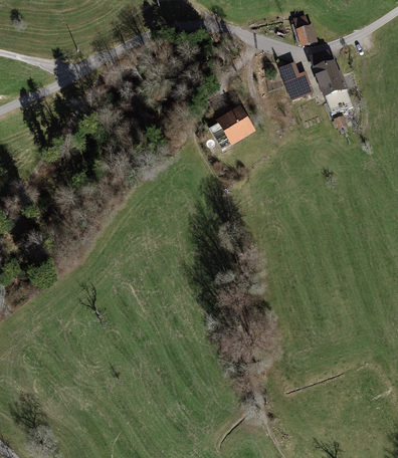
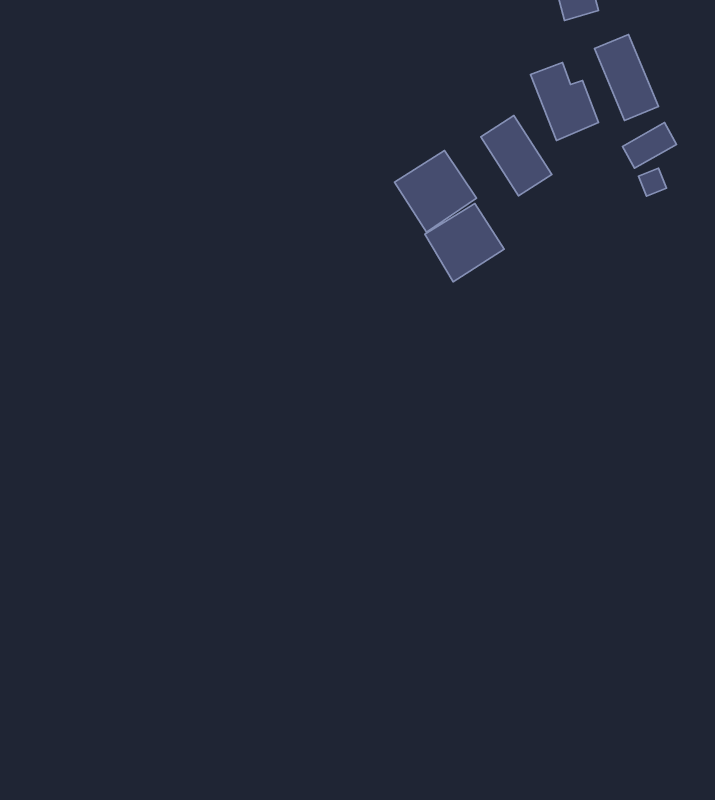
building: none -> [481,116,552,196]
building: none -> [425,203,504,282]

